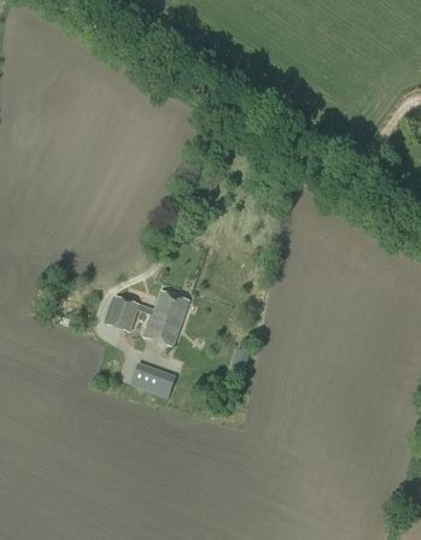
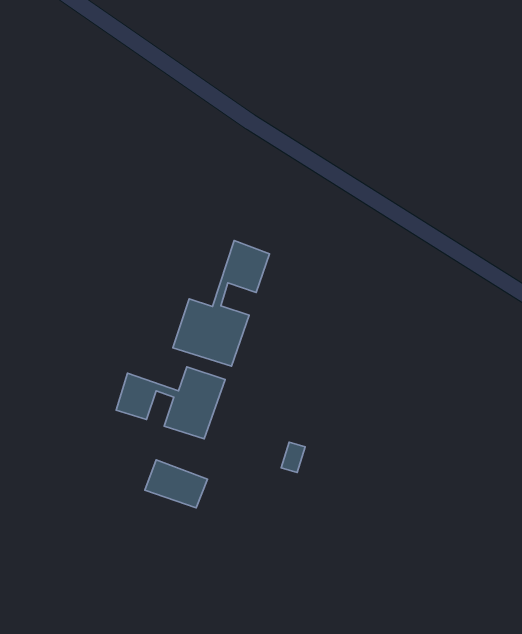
building: none -> [173,241,270,366]

